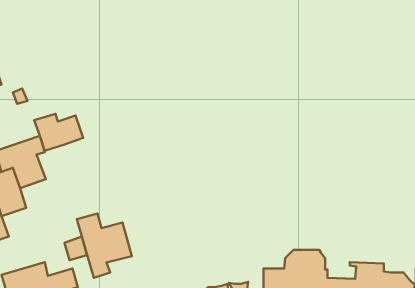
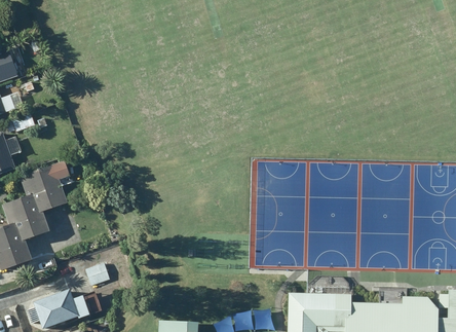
building: [34,114,83,151] -> none
building: [77,213,132,278] -> none

